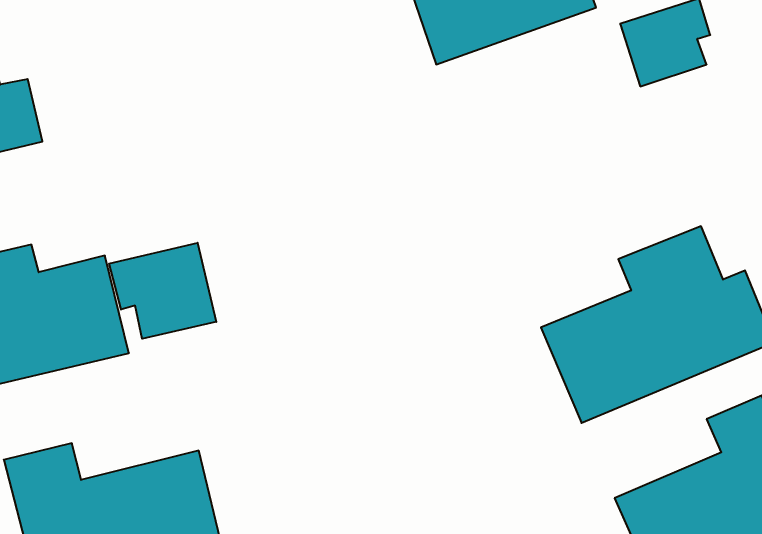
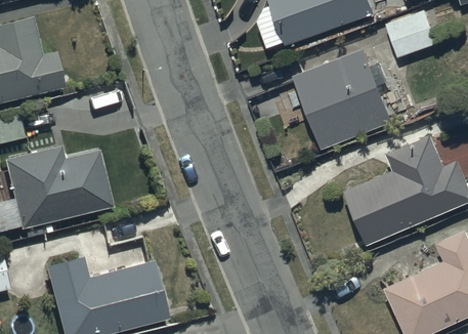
building: none -> [294,49,390,148]
building: [109,243,216,339] -> none

